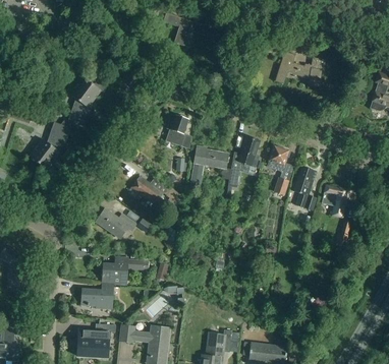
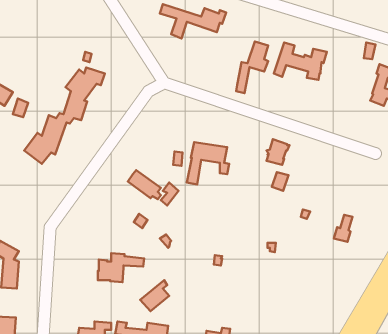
building: [166,115,187,146] -> none
building: [228,137,260,188] -> [236,41,268,93]
building: [293,167,317,210] -> none
building: [322,185,353,218] -> none
building: [96,209,136,239] -> none
building: [80,284,114,309] -> none

